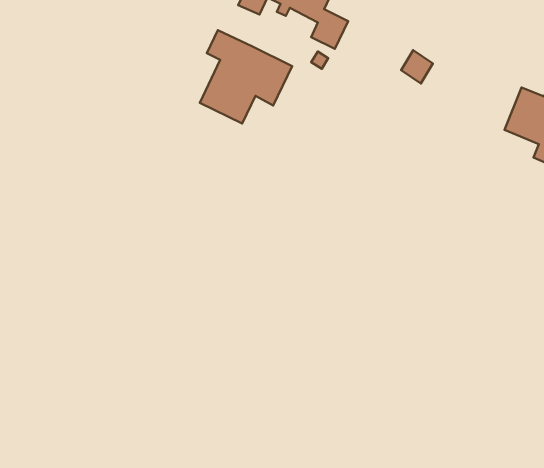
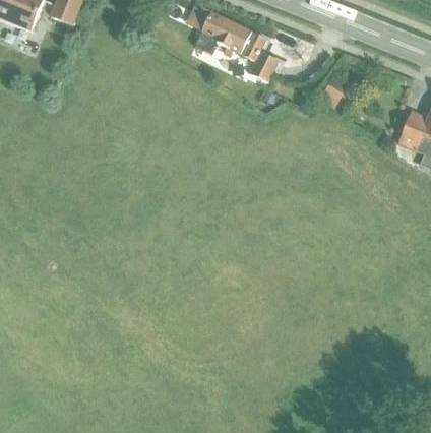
building: [200,30,292,123] -> none

